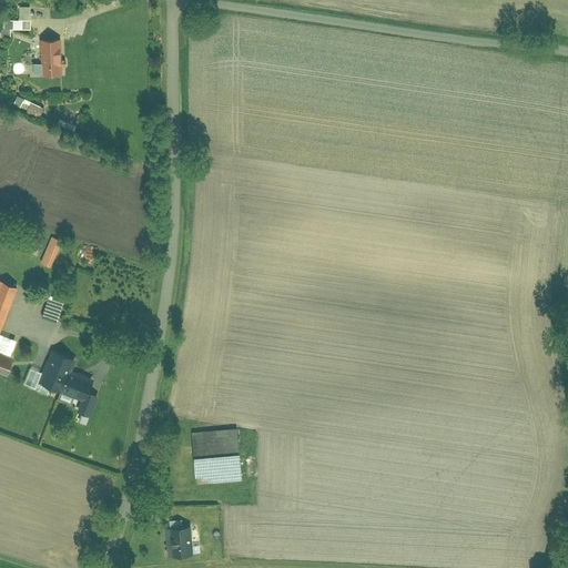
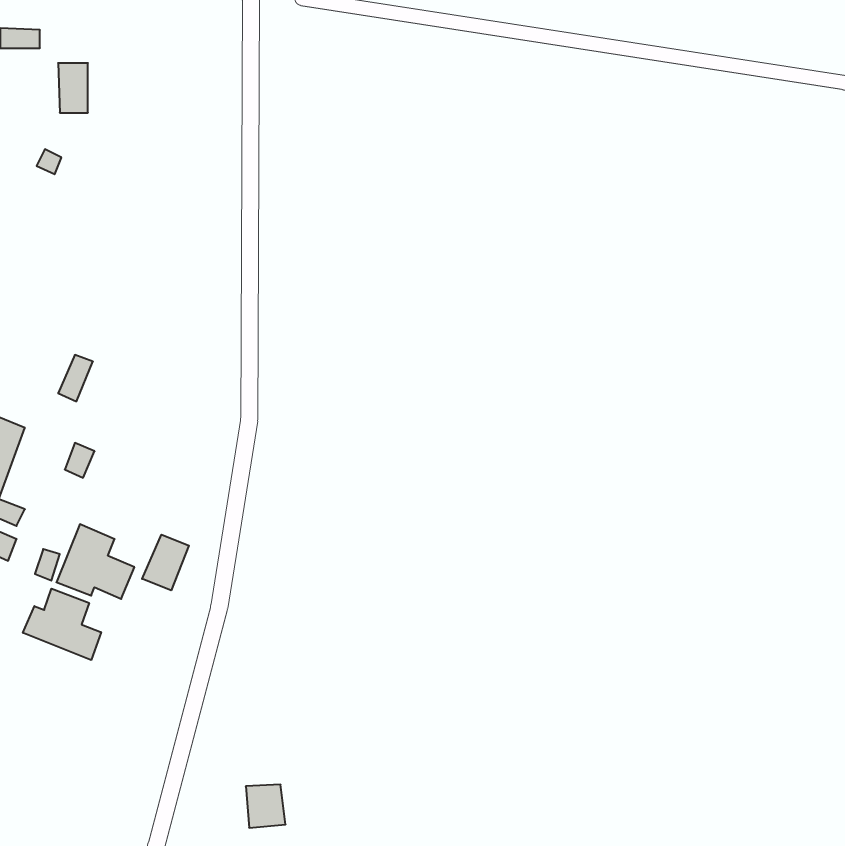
building: none -> [142,535,189,590]
building: none -> [23,589,101,660]
building: [192,429,239,483] -> none

